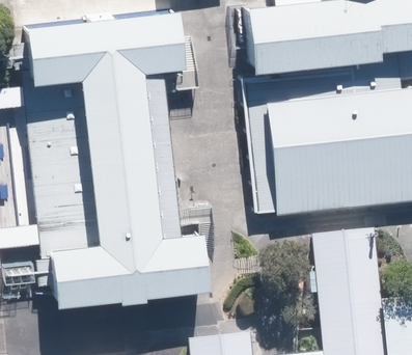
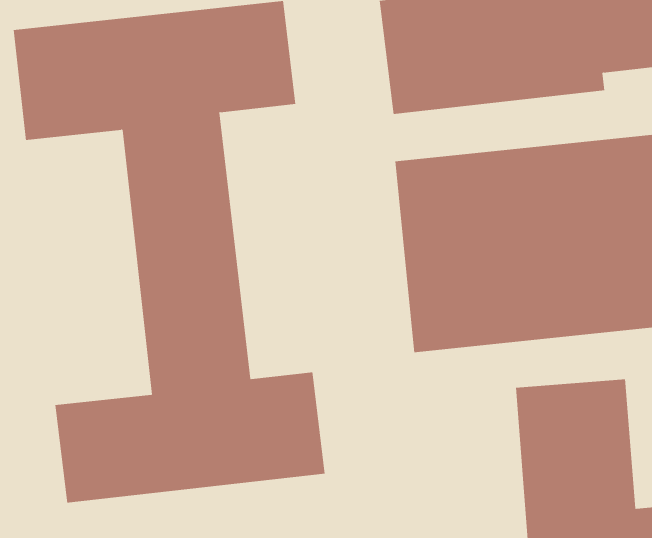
building: [24,85,100,250] -> none

